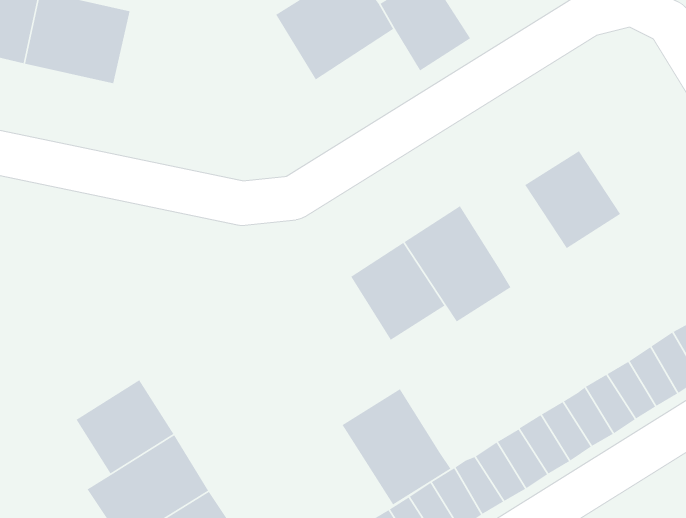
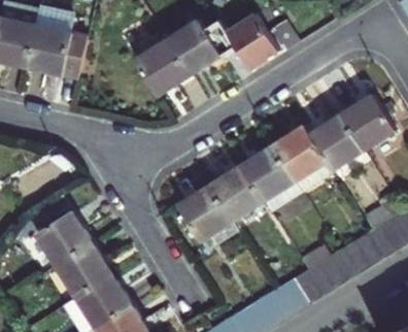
building: none -> [134,38,191,96]
building: none -> [339,94,395,151]
building: none -> [272,126,333,192]
building: none -> [35,211,92,266]
building: [342,388,452,506] -> [177,186,239,252]

